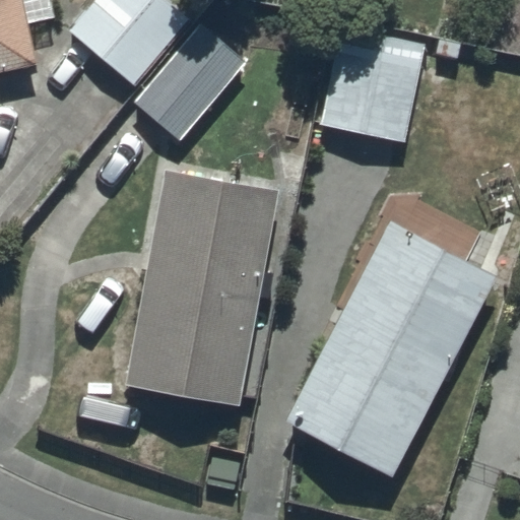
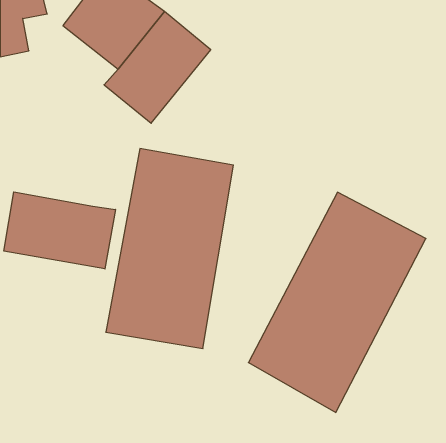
building: [323,29,426,140] -> none
building: none -> [4,192,115,269]

